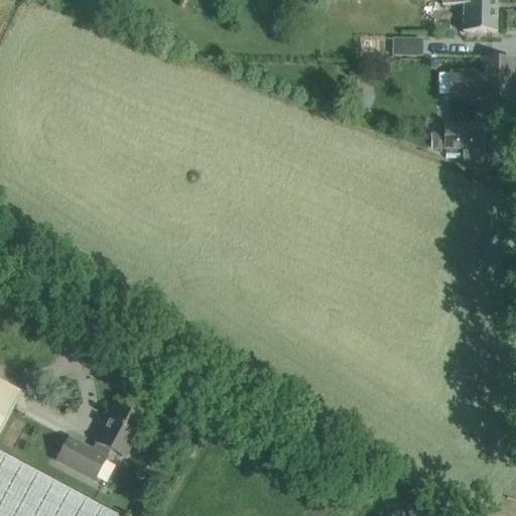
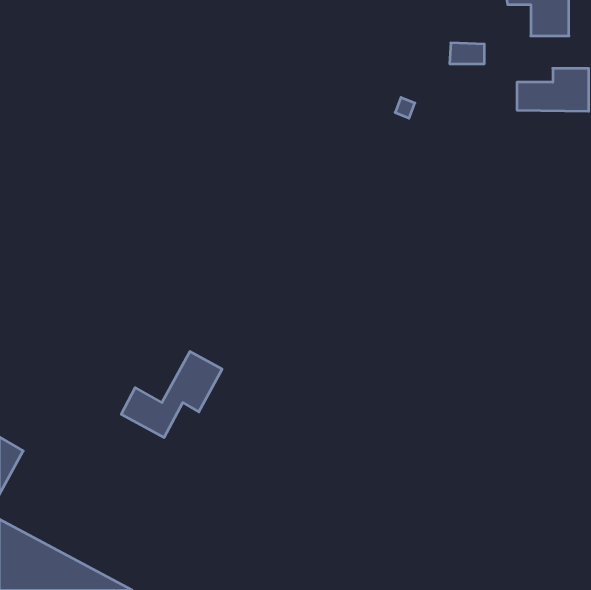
building: [442,122,483,162] -> none
building: [55,405,143,480] -> [121,352,222,437]

